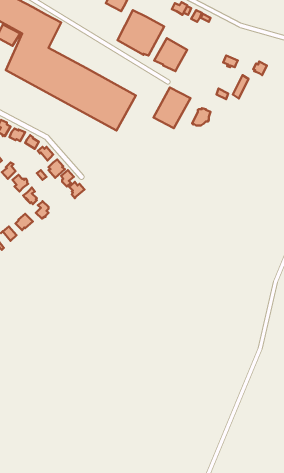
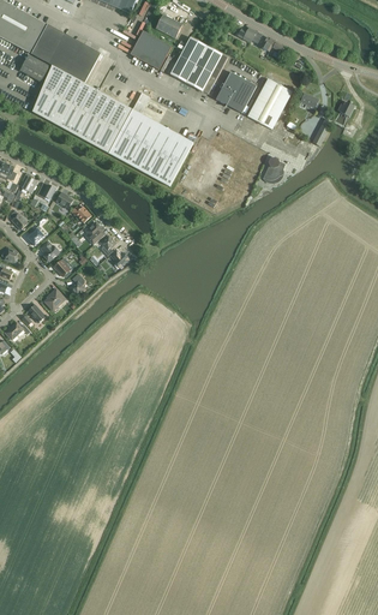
building: none -> [130,30,170,68]
building: [153,87,190,128] -> [246,78,292,129]

